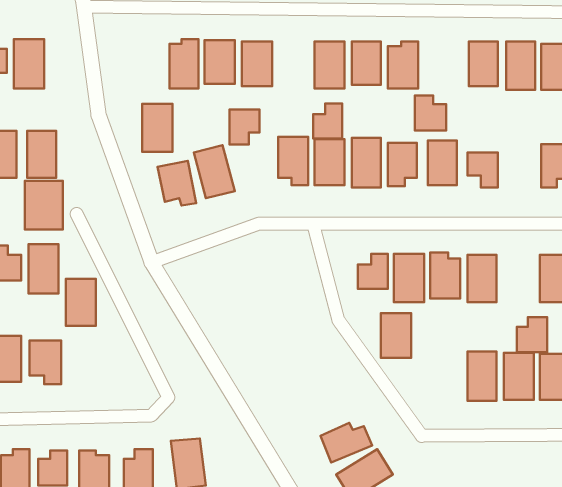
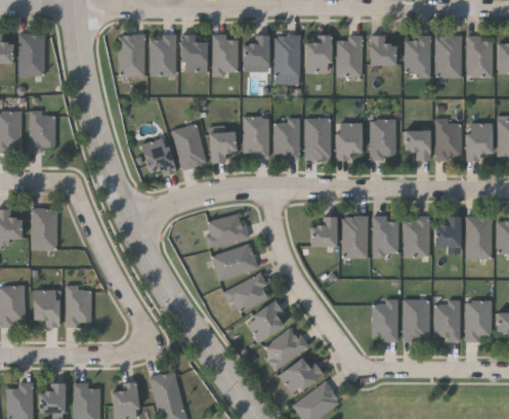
building: [415,96,446,131] -> [370,36,396,66]
building: [313,103,342,138] -> [245,35,269,65]
building: [142,104,172,152] -> [120,35,145,76]
building: [229,110,260,145] -> [210,132,236,162]
building: none -> [435,120,461,158]
building: [25,181,63,230] -> none
building: none -> [205,212,250,248]
building: [66,279,96,326] -> [67,287,92,327]
building: none -> [213,244,258,280]
building: [381,313,411,358] -> [373,301,398,339]
building: [517,317,547,352] -> [435,216,461,246]
building: none -> [225,274,272,315]
building: none -> [245,300,289,342]
building: none -> [262,328,307,368]

